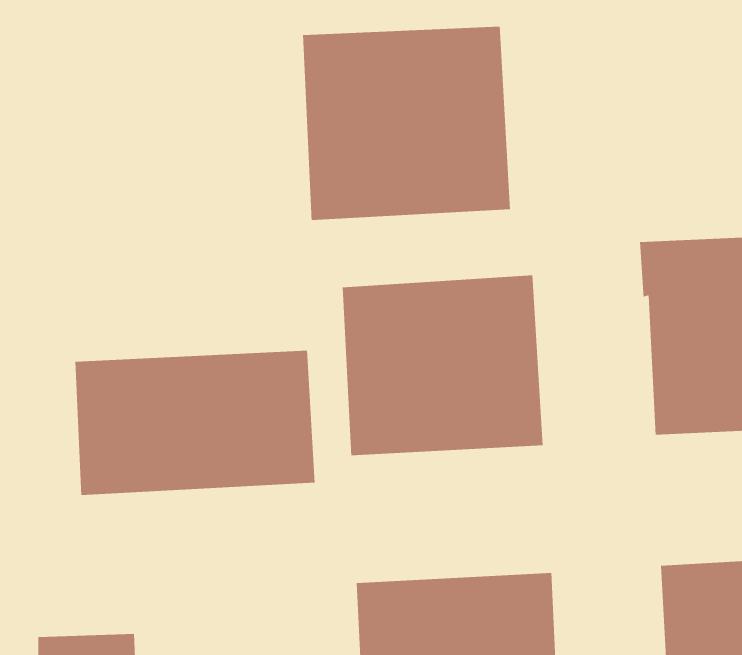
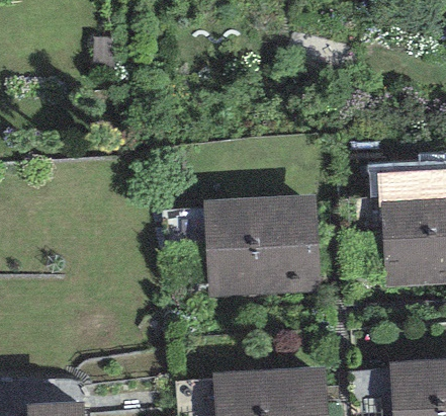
building: [302,26,511,221] -> none
building: [75,350,315,496] -> none

